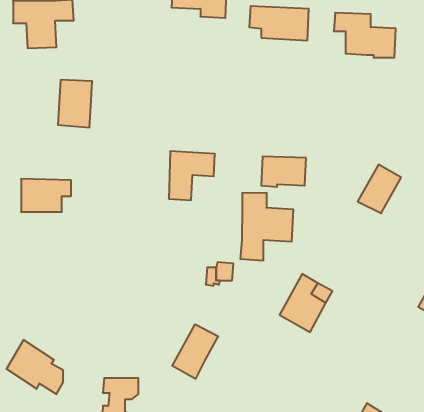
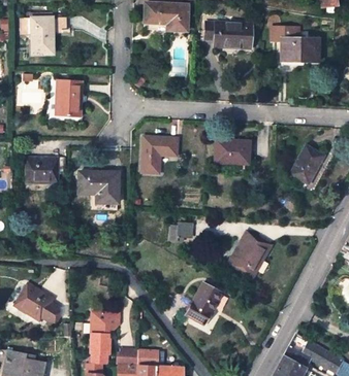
building: [240,193,293,261] -> none
building: none -> [78,170,120,203]
building: [172,325,218,379] -> [186,282,222,324]

